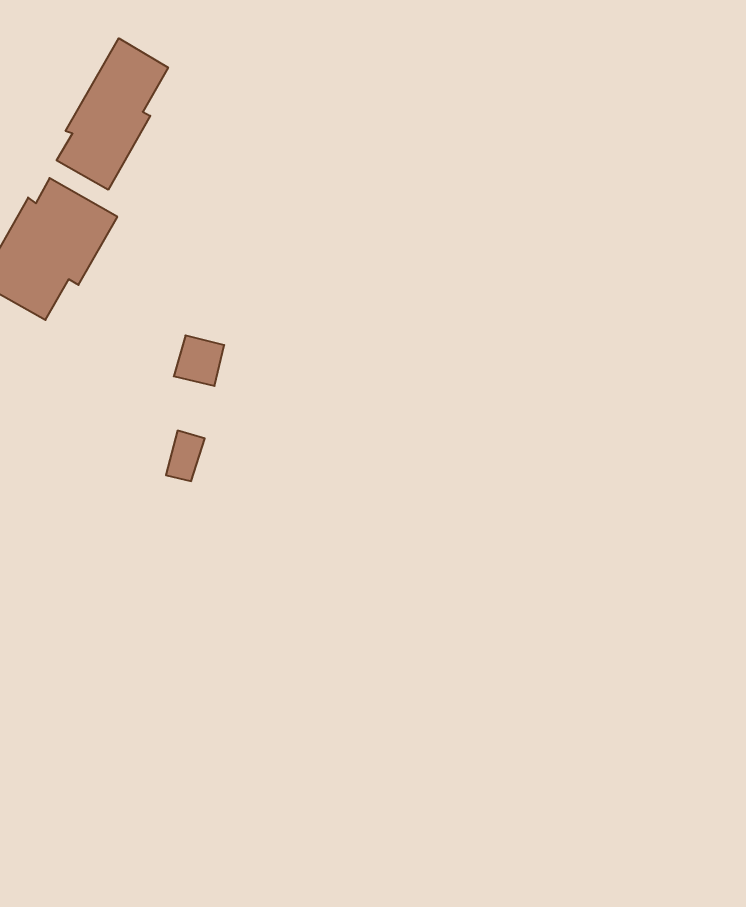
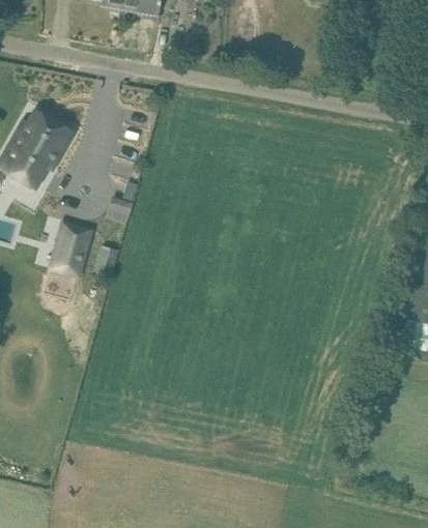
building: [57,38,168,190] -> none
building: none -> [50,219,91,275]

